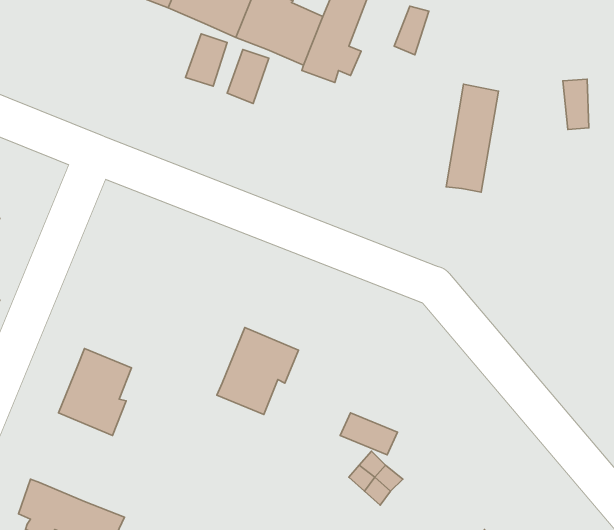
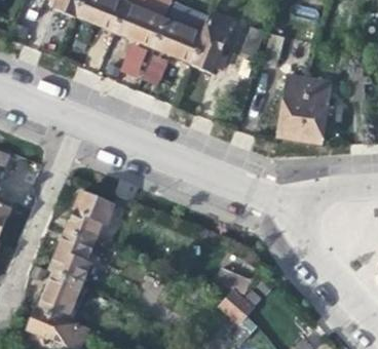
building: none -> [298,79,330,143]
building: [217,327,299,414] -> [64,191,112,242]
building: none -> [37,271,82,321]

